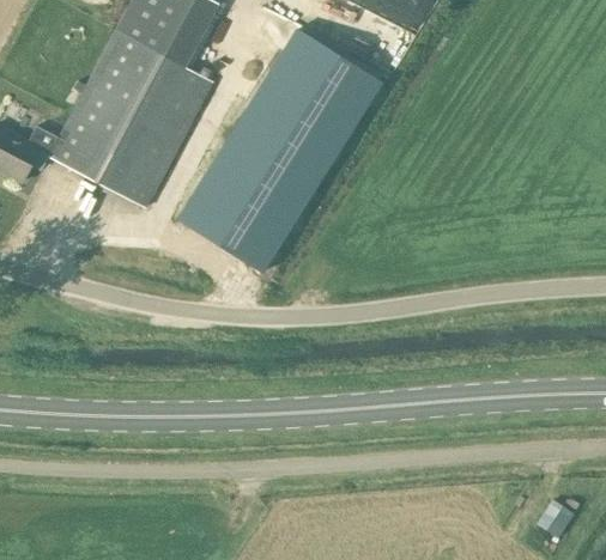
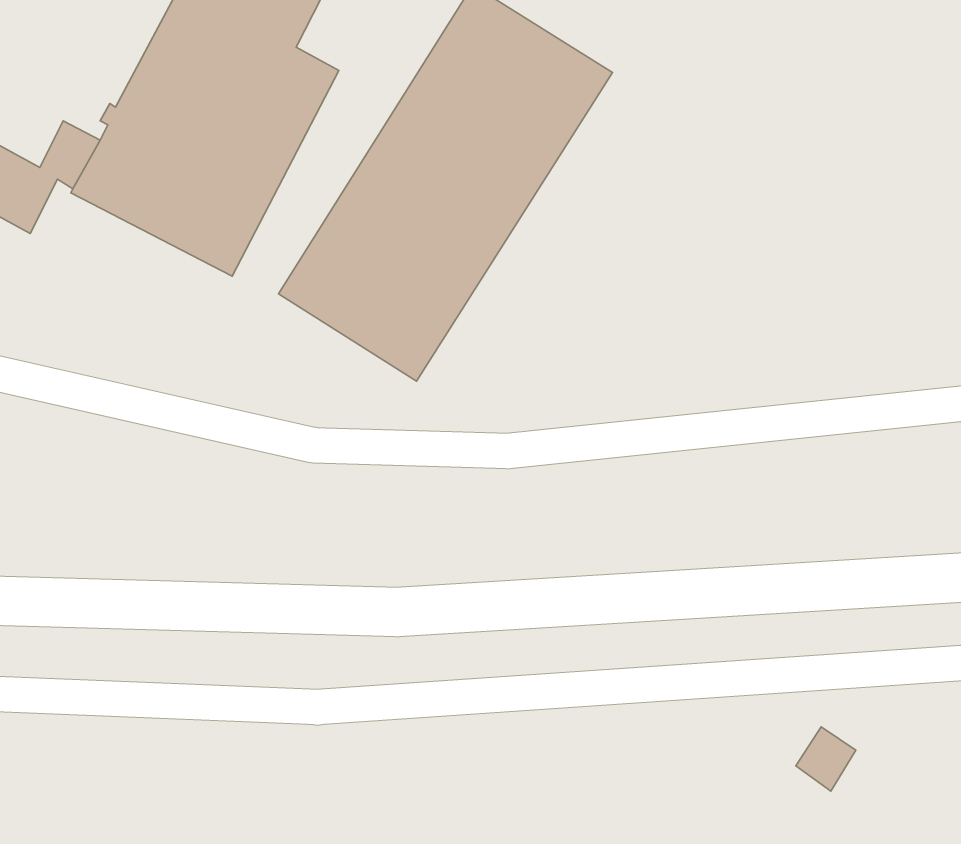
building: [535,499,572,538] -> [796,727,856,791]

